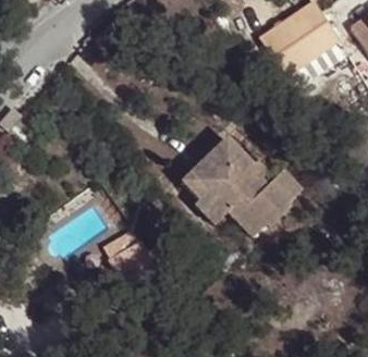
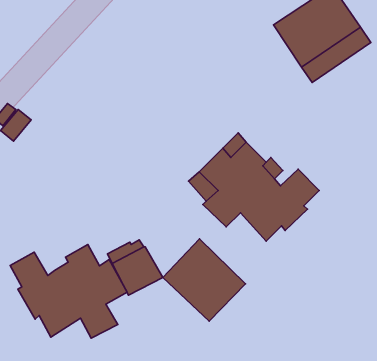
building: none -> [163,239,245,321]
building: none -> [10,244,127,338]

